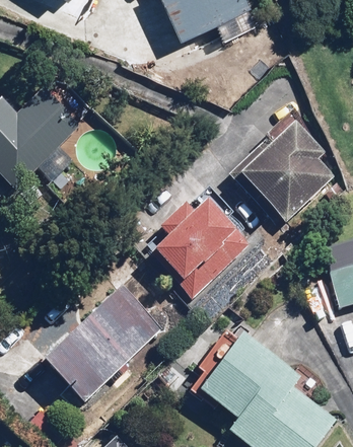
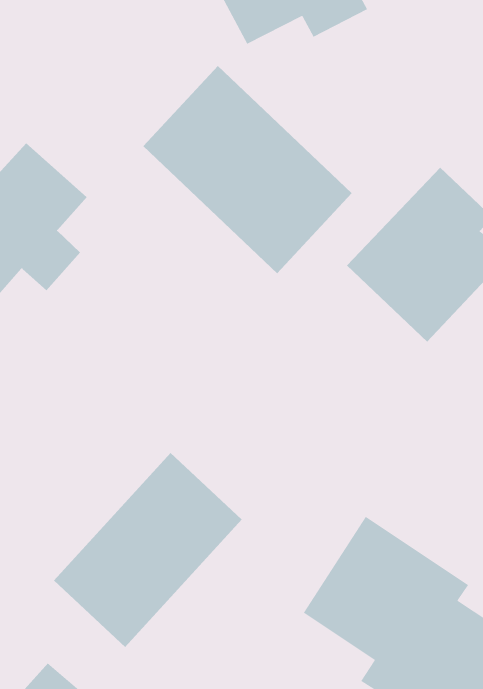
building: none -> [142,65,353,274]
building: [149,191,253,298] -> none

